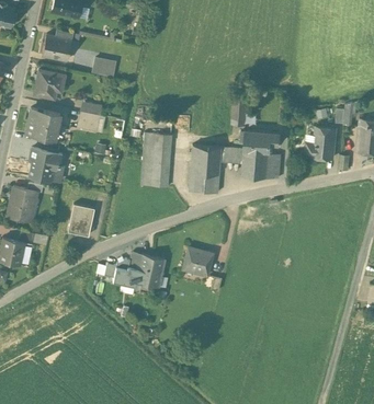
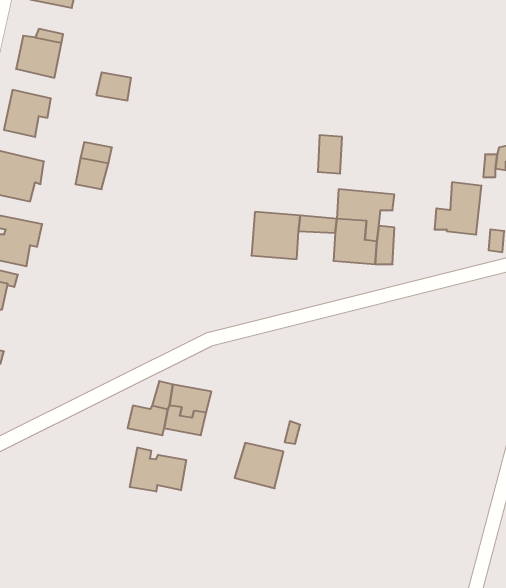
building: [140,132,171,187] -> none
building: [189,173,218,193] -> none
building: [67,204,93,235] -> none
building: [181,247,212,276] -> [235,443,283,488]
building: none -> [130,447,186,492]

